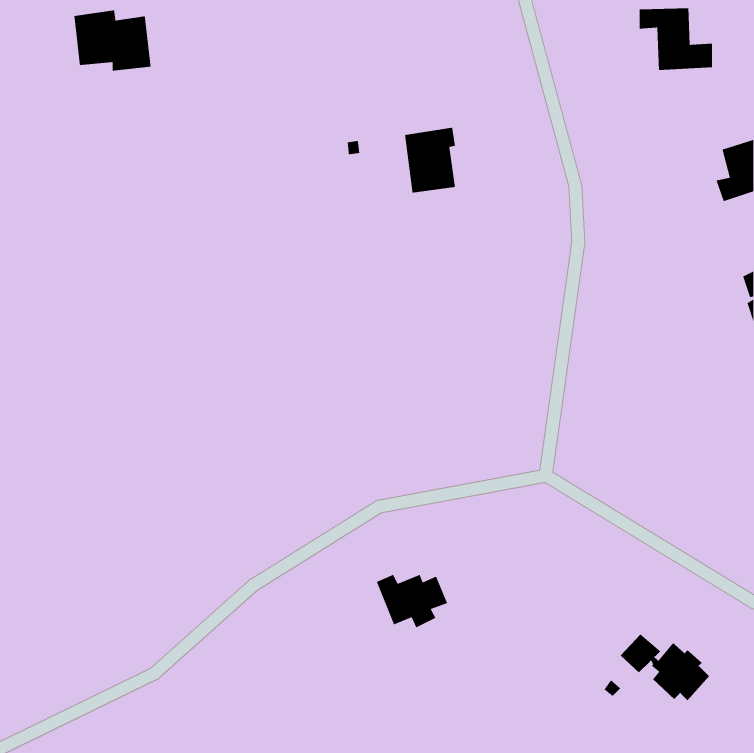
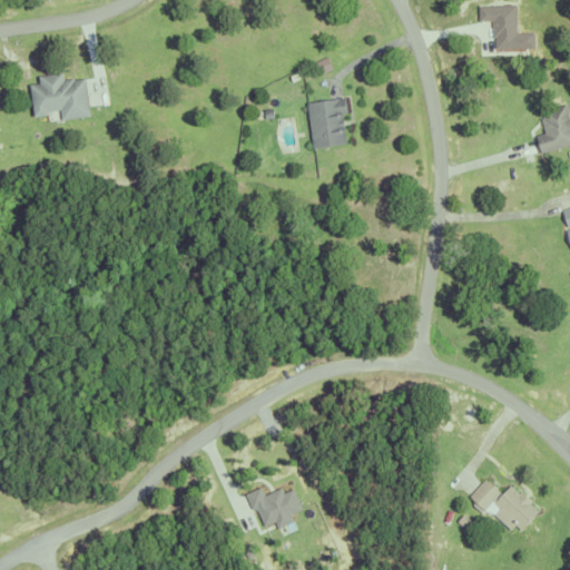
building: [73,10,152,72] -> [36,75,95,121]
building: [376,574,448,629] -> [252,490,306,531]

